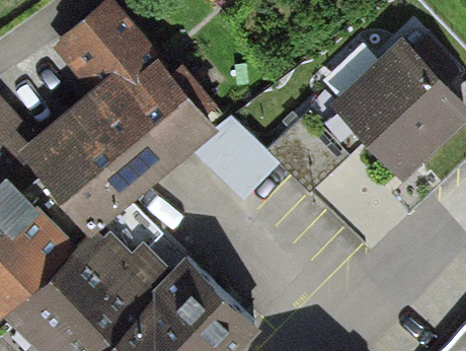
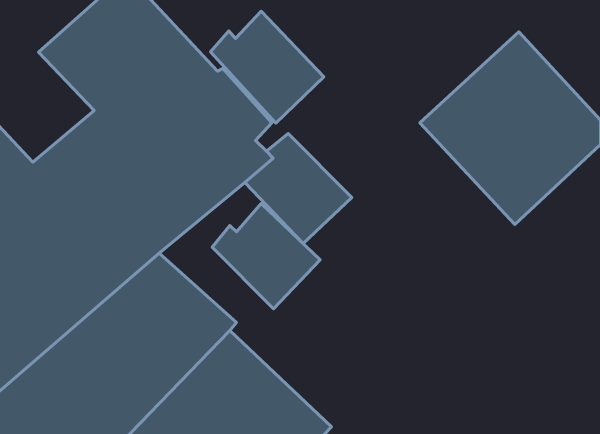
building: none -> [210,11,324,123]
building: none -> [212,203,320,309]

